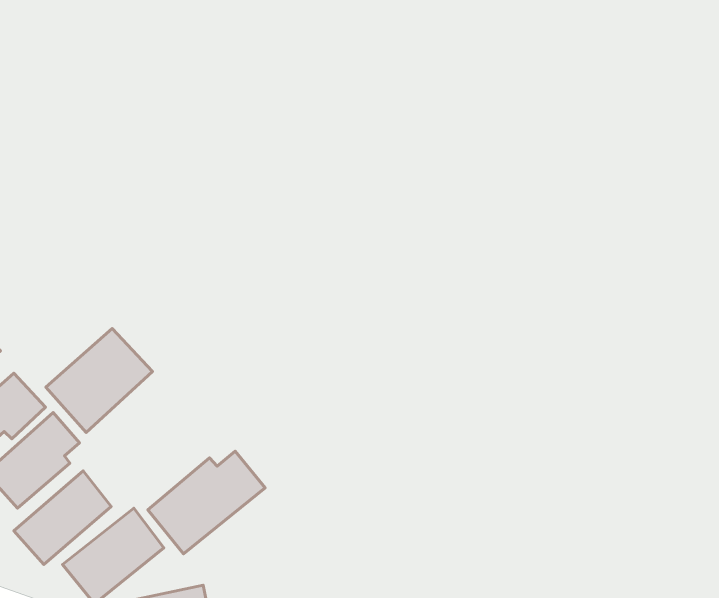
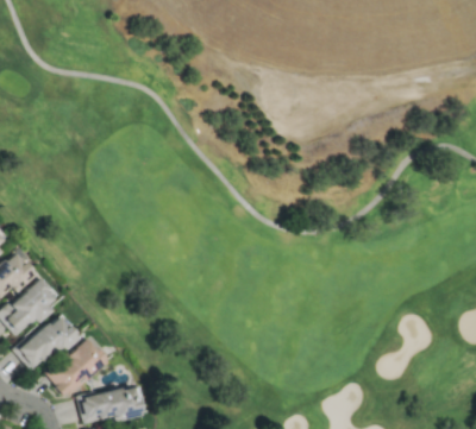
building: [46,328,153,432] -> none
building: [148,451,265,554] -> none

